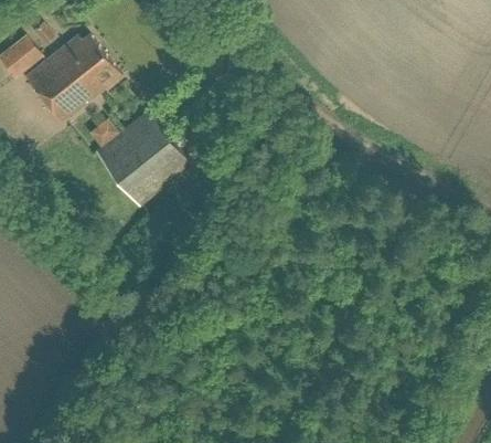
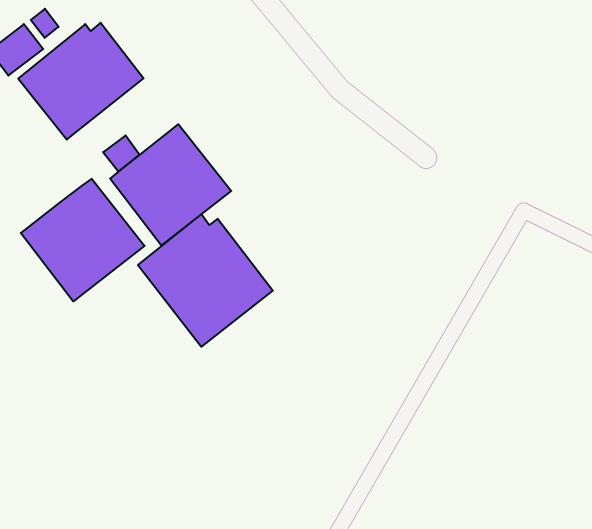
building: none -> [21,179,145,301]
building: none -> [138,214,273,347]

